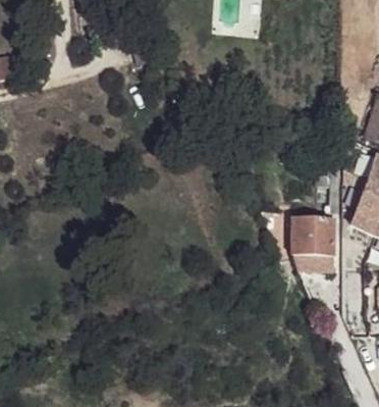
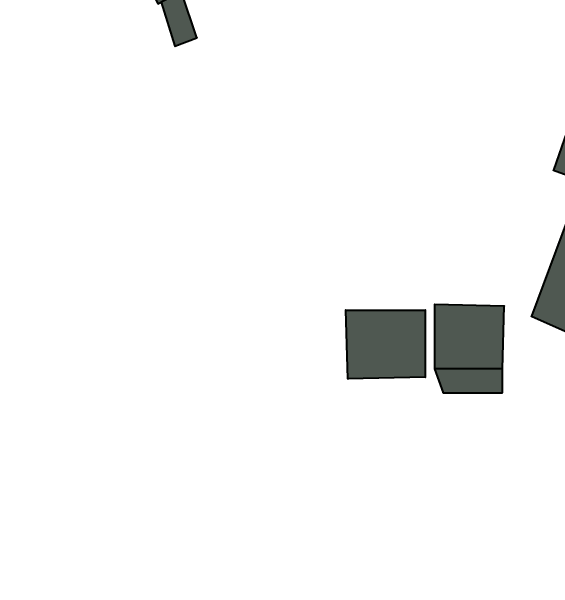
building: none -> [346,310,425,379]

